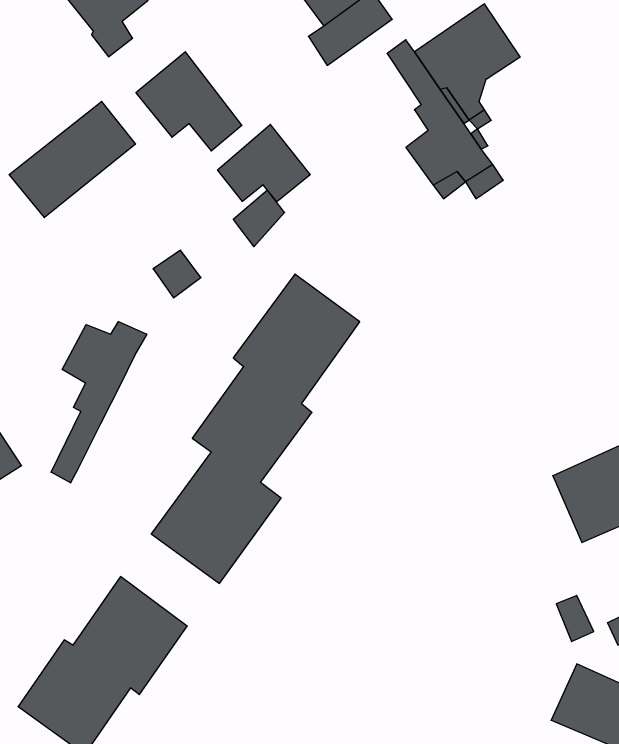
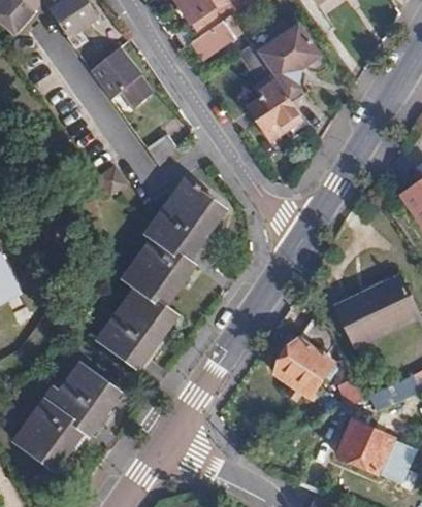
building: [9,101,135,218] -> none
building: [218,124,310,202] -> none
building: [51,322,147,483] -> none
building: none -> [277,315,340,395]

